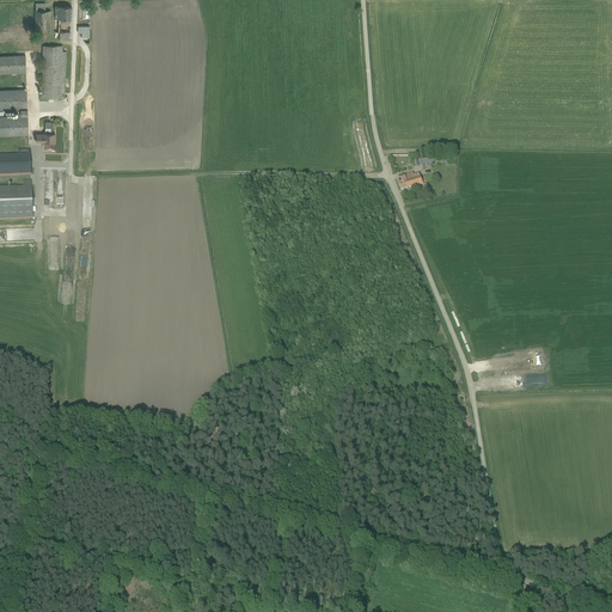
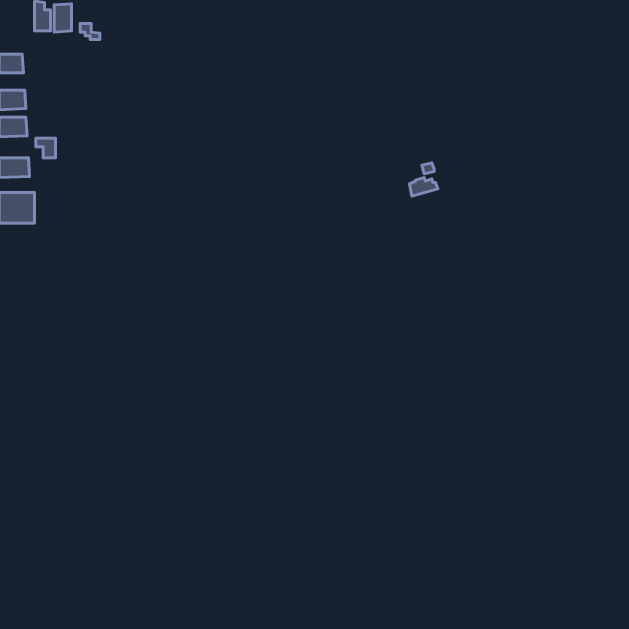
building: [39,44,65,98] -> none

